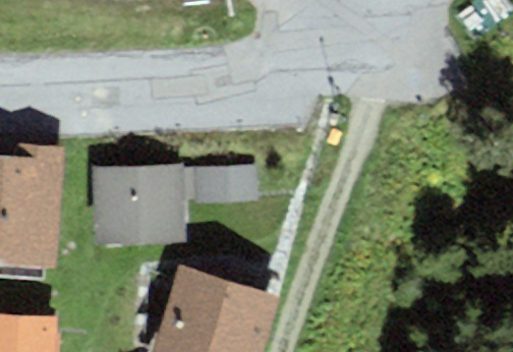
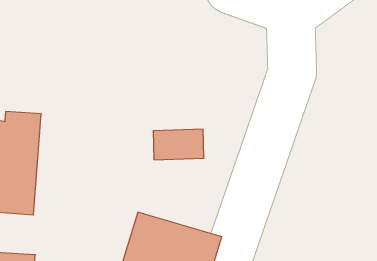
building: [95,164,186,243] -> none

